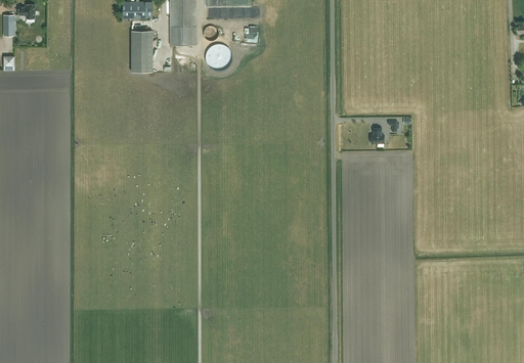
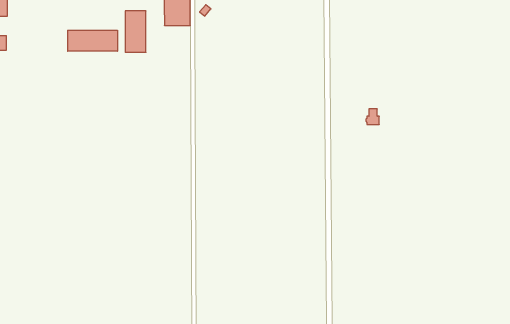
building: none -> [68,30,117,51]

